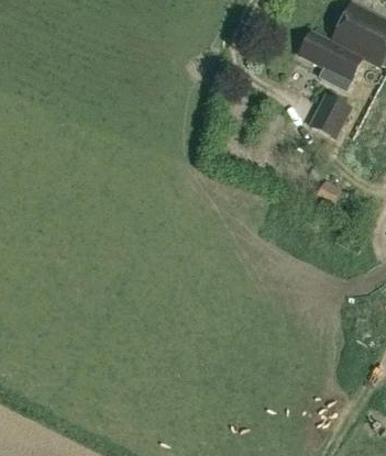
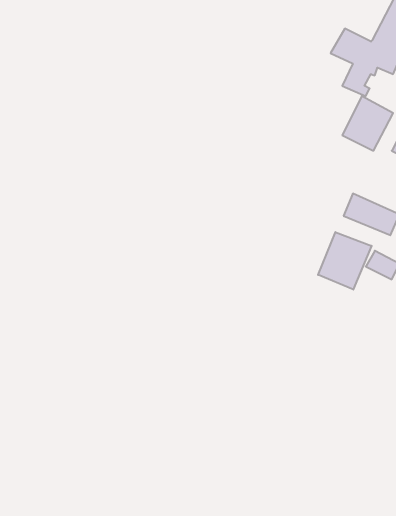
building: none -> [318,232,372,290]

